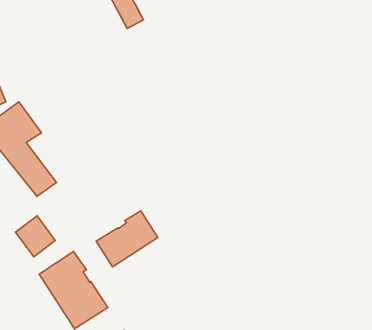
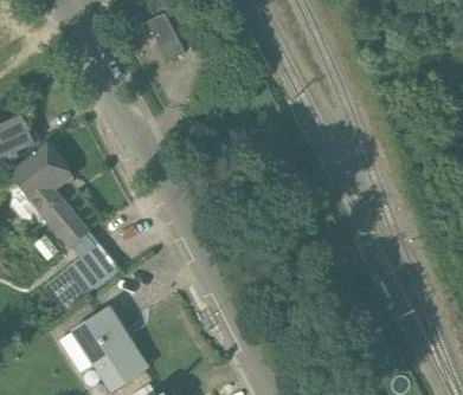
building: none -> [66,241,118,293]
building: [96,211,158,267] -> none

